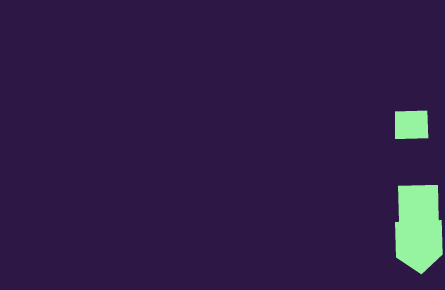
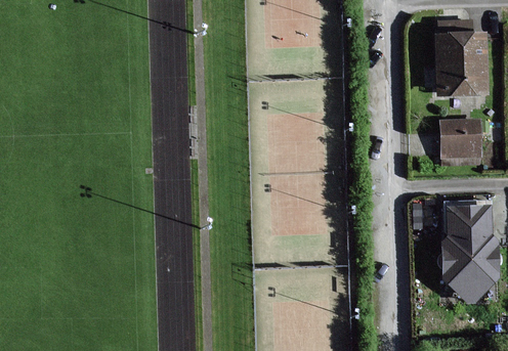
building: none -> [436,21,488,96]

